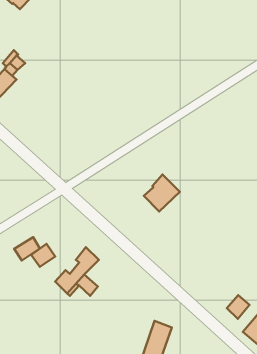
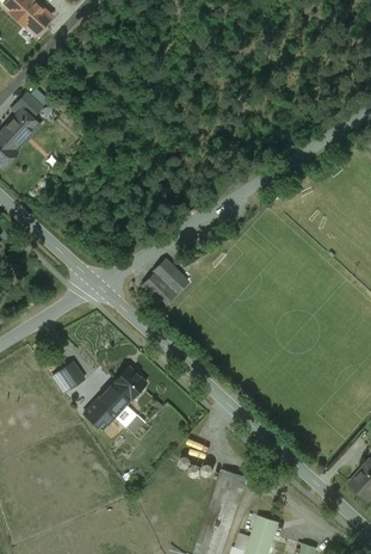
building: [144,175,180,211] -> [141,256,191,307]
building: [14,237,40,260] -> none
building: [227,295,250,319] -> none

